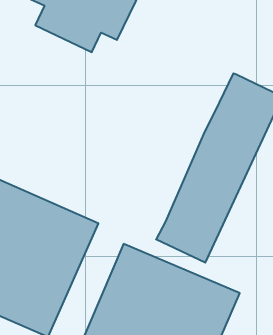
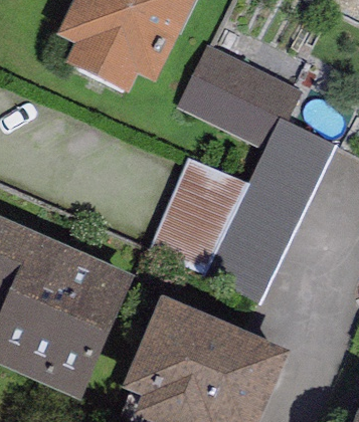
building: none -> [178,42,298,146]
building: none -> [148,154,248,274]

